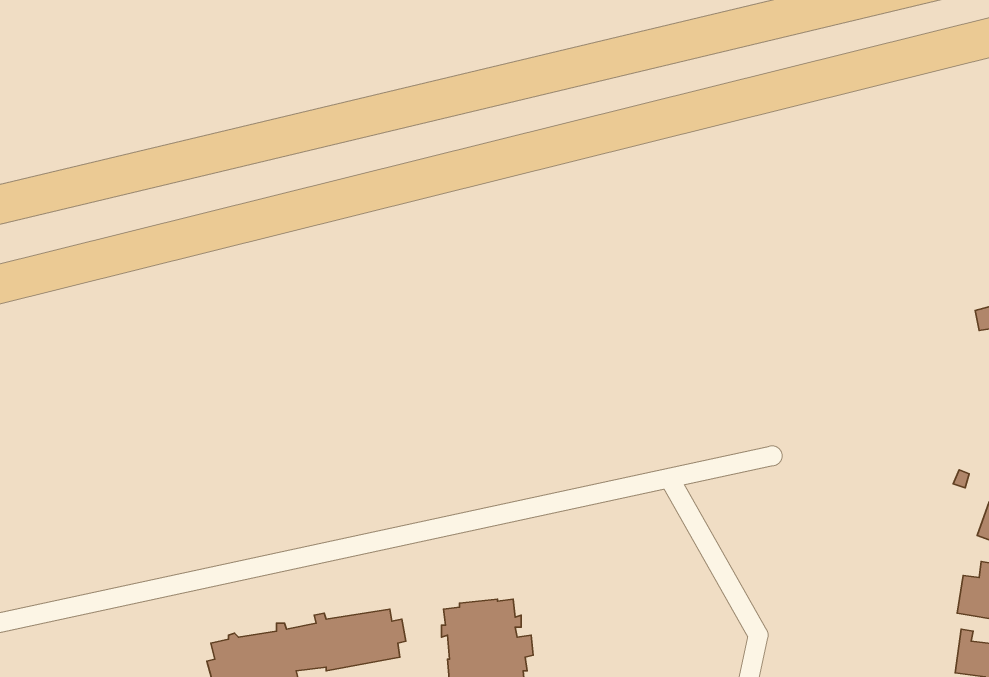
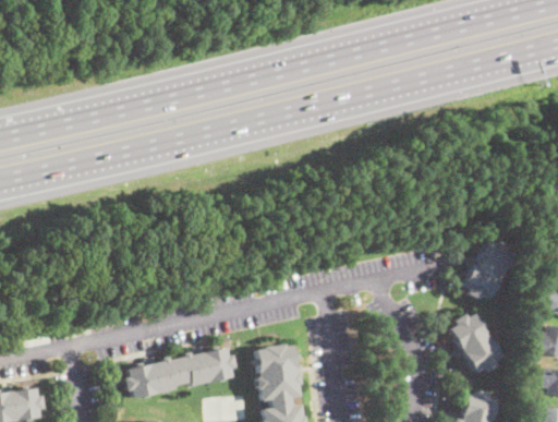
building: none -> [463,240,512,300]
building: none -> [449,314,501,373]

